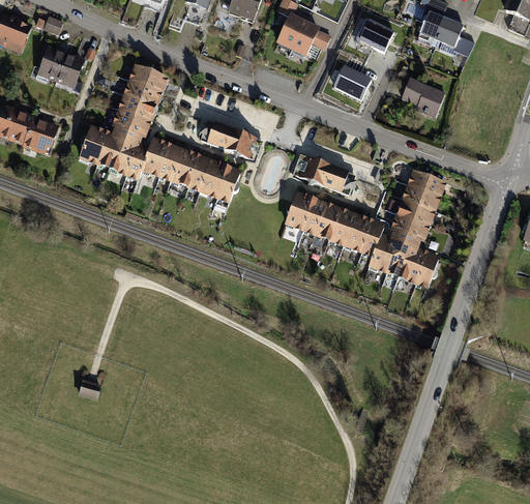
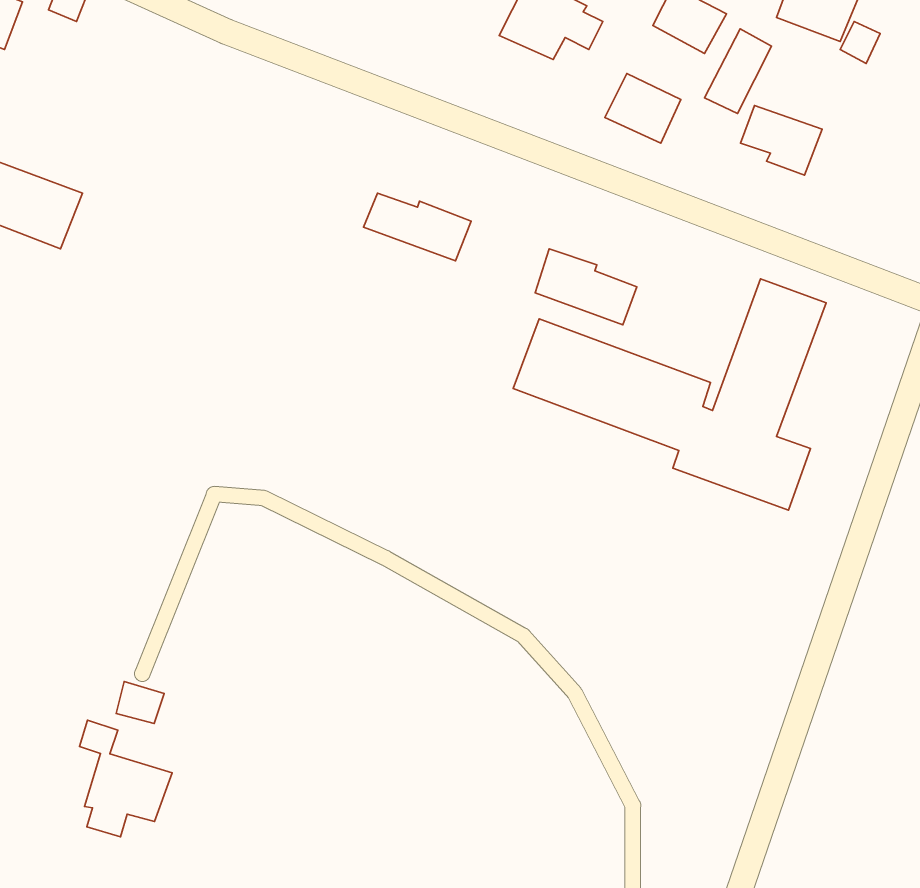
building: none -> [704,29,772,114]
building: [37,47,85,89] -> none
building: [77,65,241,205] -> none
building: none -> [79,720,172,837]

